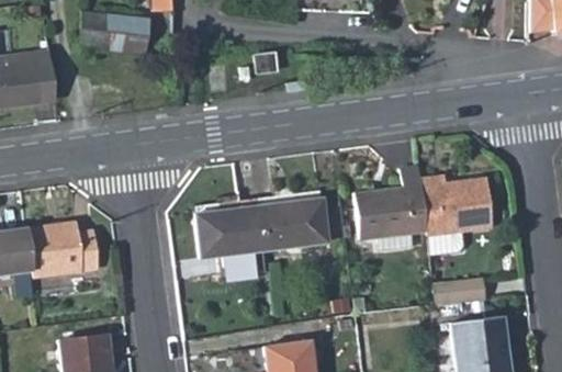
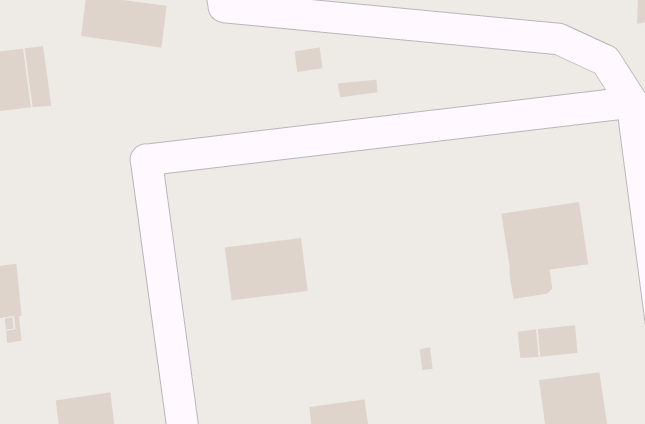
building: [359,170,429,251] -> none
building: [260,200,330,251] -> none
building: [27,222,97,277] -> none

